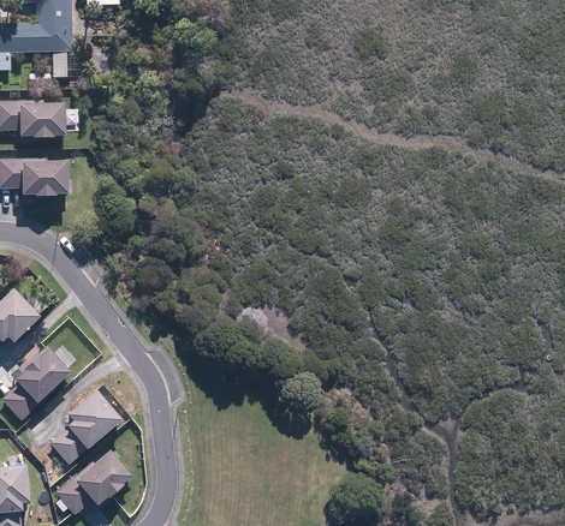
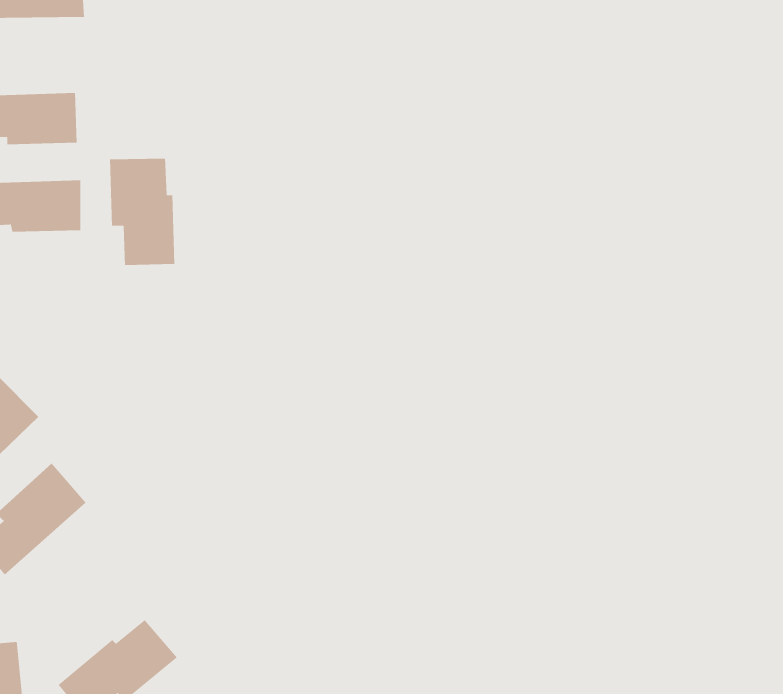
building: none -> [109,158,175,266]
building: [49,390,123,466] -> none

